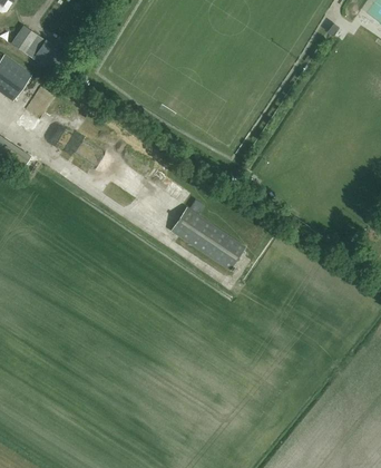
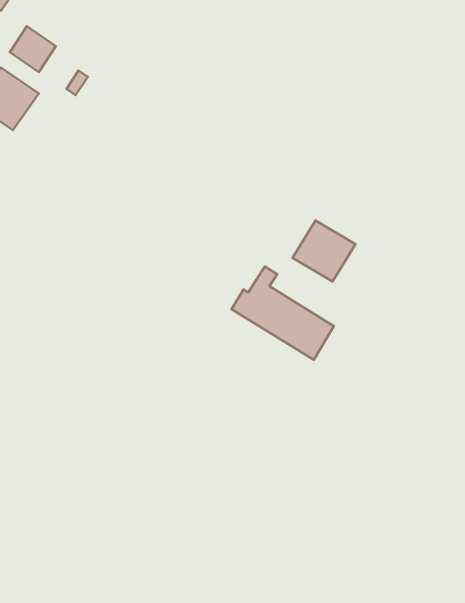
building: none -> [293,221,355,281]

